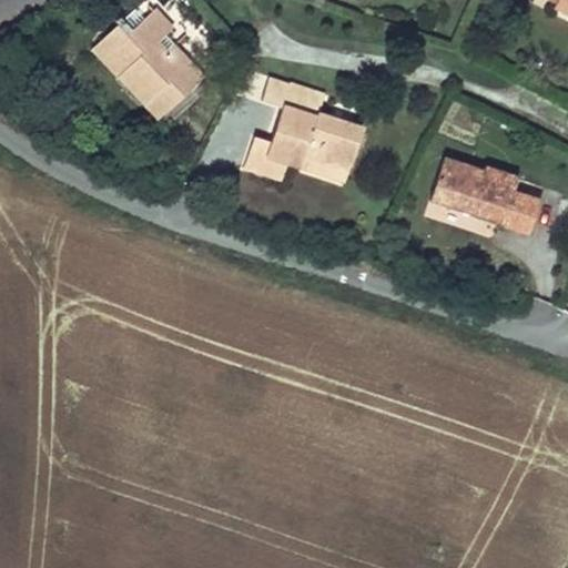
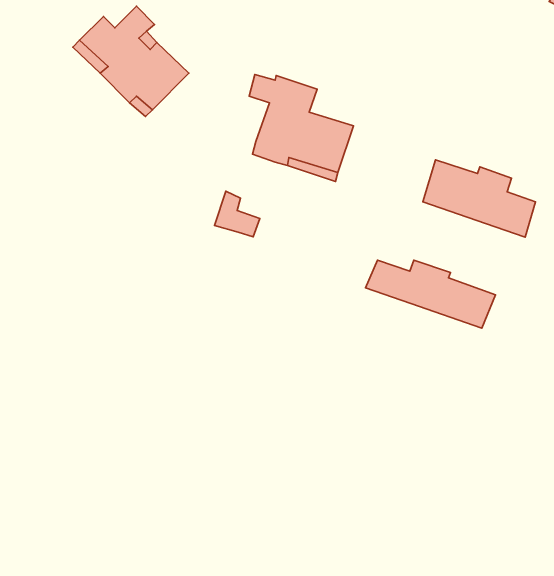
building: [244,136,288,181] -> [214,191,260,237]
building: none -> [366,260,496,328]

